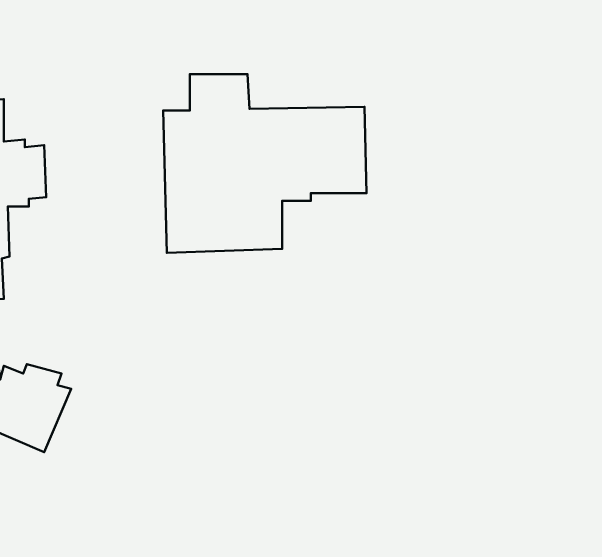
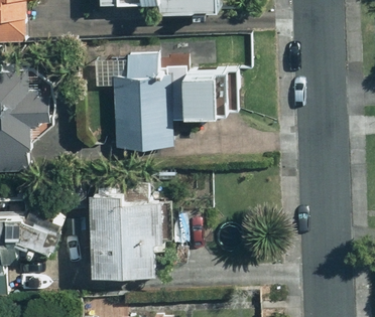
building: none -> [89,193,163,280]

